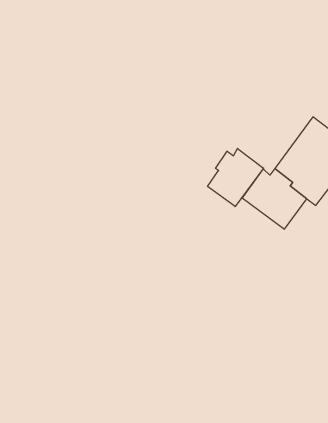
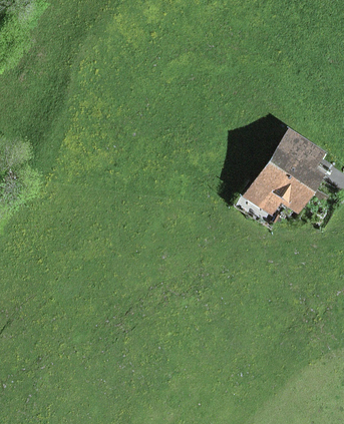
building: [208,148,264,207] -> none

